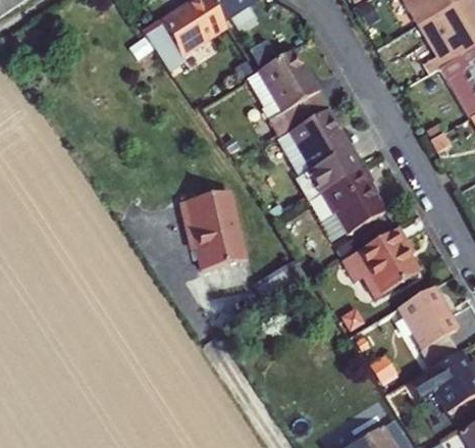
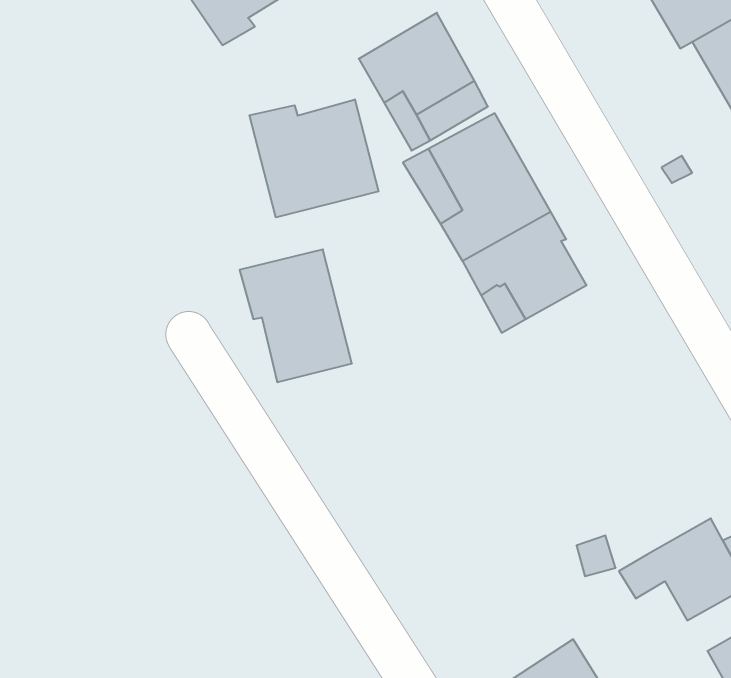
building: none -> [249,99,379,217]
building: [345,227,420,298] -> none
building: [398,286,458,348] -> none

